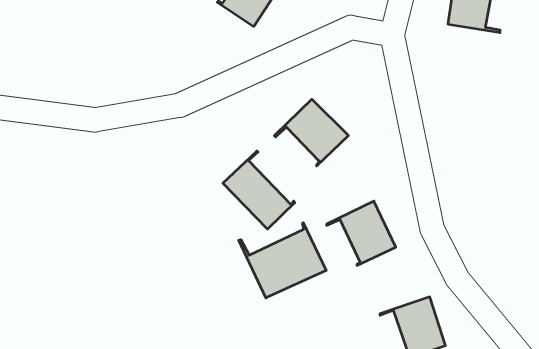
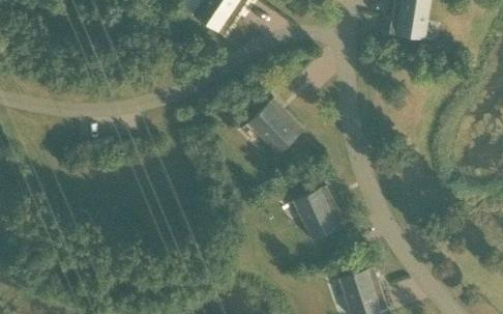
building: [223,151,295,229] -> none
building: [239,223,326,298] -> none

